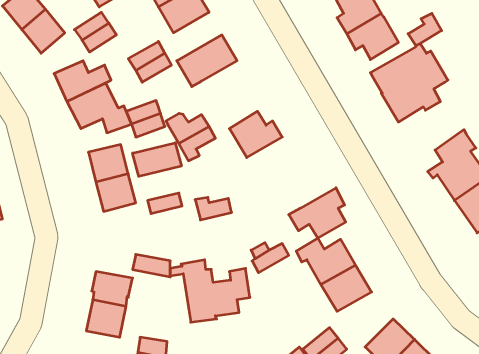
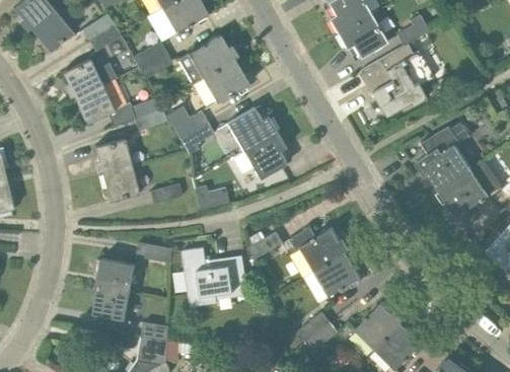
building: none -> [201,60,248,103]
building: [133,143,181,176] -> none
building: [289,188,346,238] -> [232,132,286,179]

